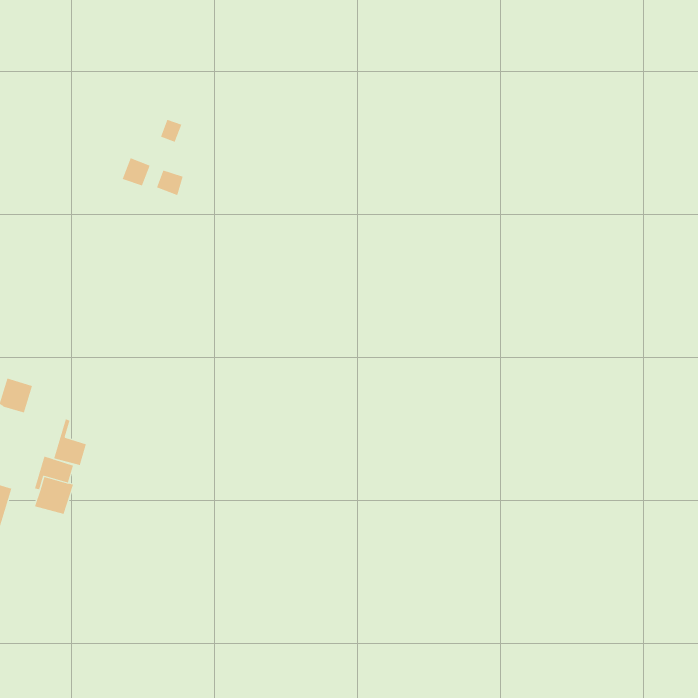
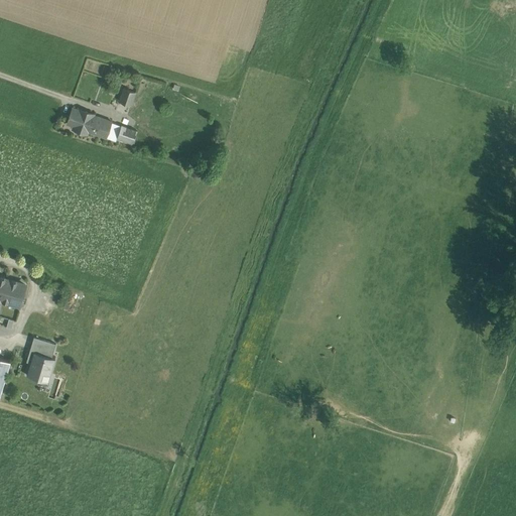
building: none -> [66,109,96,135]
building: [54,419,86,466] -> none

